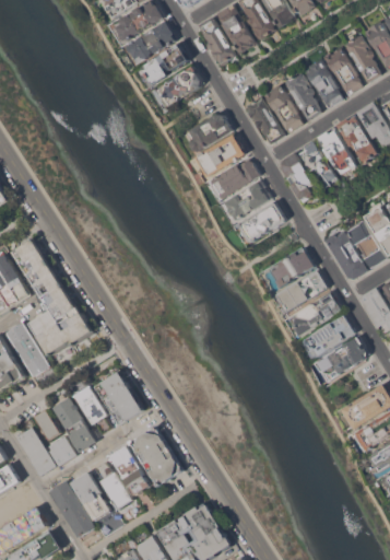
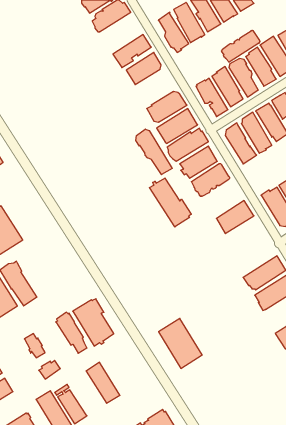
building: [128,21,175,59] -> none
building: none -> [222,30,260,62]
building: none -> [136,129,172,175]
building: none -> [149,178,191,227]
building: [11,238,92,354] -> none
building: [276,270,327,311] -> none
building: [288,292,341,336] -> none
building: [51,397,96,453] -> none
building: [129,425,182,487] -> [159,318,202,368]
building: [15,427,56,476] -> none
building: [93,462,131,510] -> none

